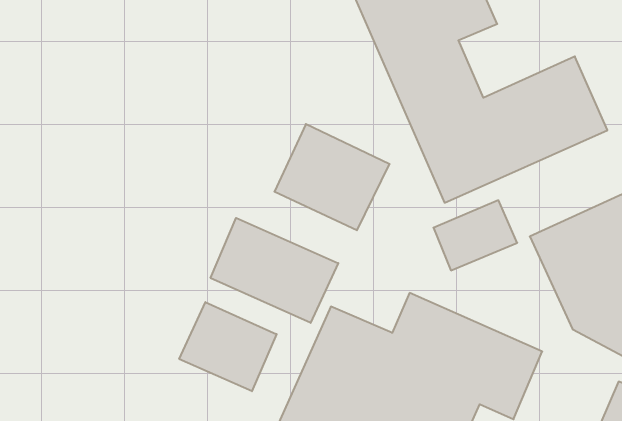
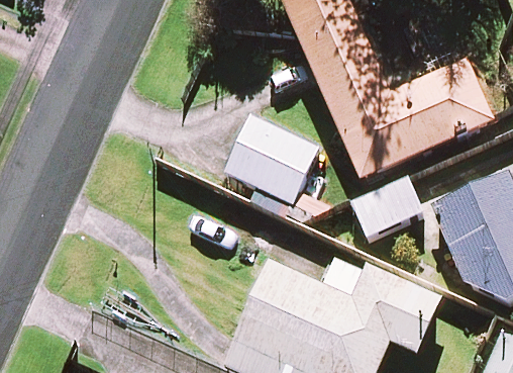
building: [211,218,338,323] -> none
building: [179,302,277,391] -> none

